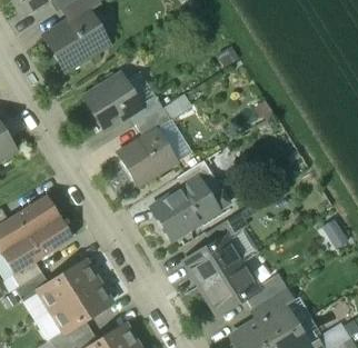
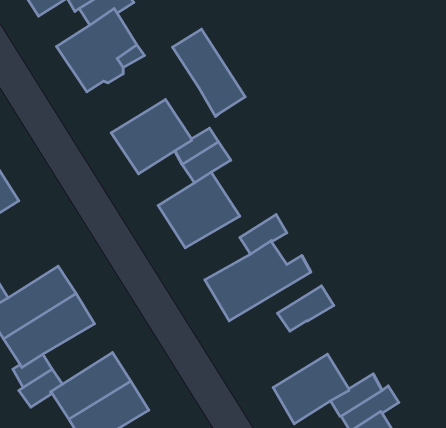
building: none -> [173,29,245,116]
building: [187,238,242,287] -> none

